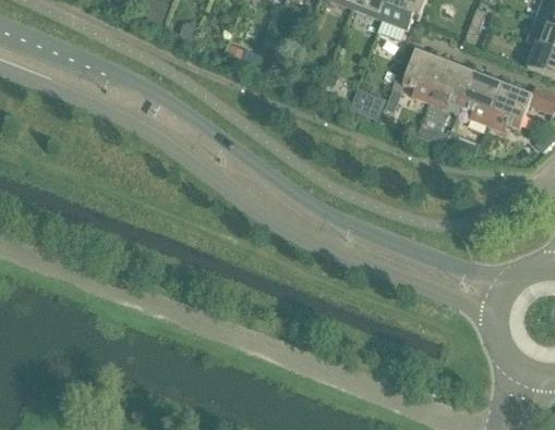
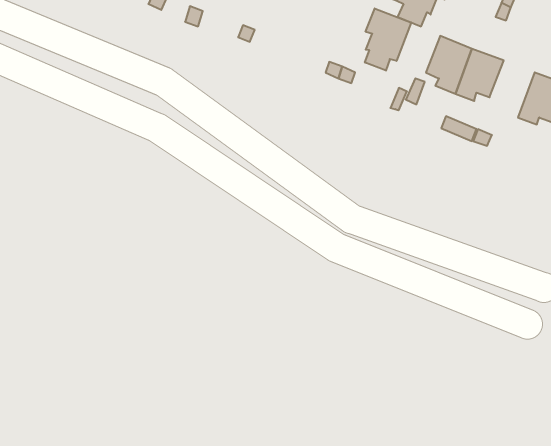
building: none -> [365,8,411,71]
building: [461,72,503,124] -> none

